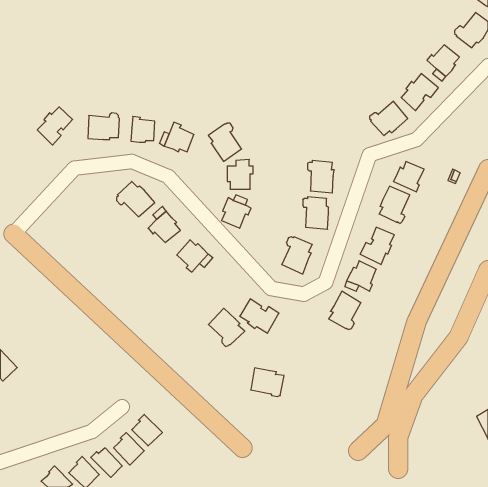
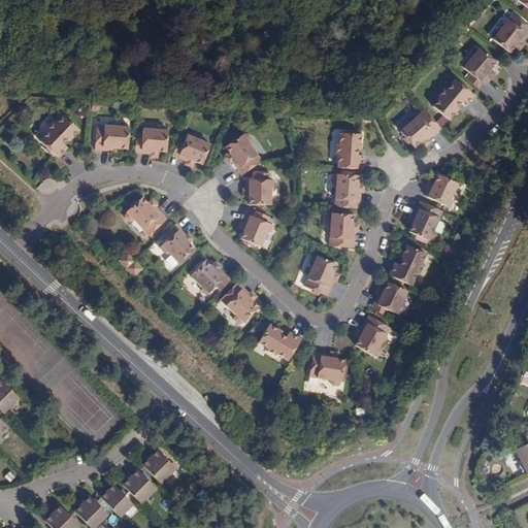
building: none -> [336,132,363,169]
building: [208,308,245,346] -> [221,282,260,323]
building: [251,368,284,397] -> [309,352,345,383]

